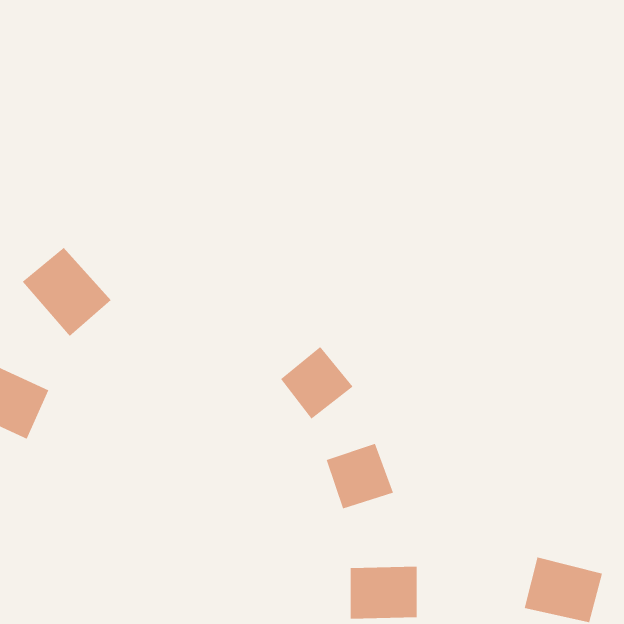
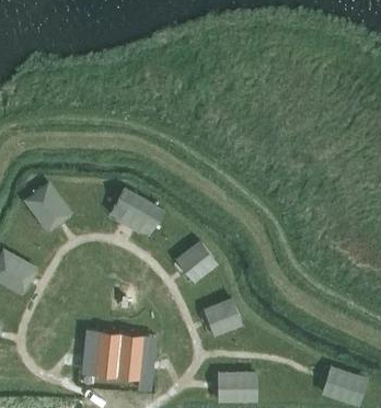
building: none -> [108,188,164,237]
building: none -> [93,332,141,381]

